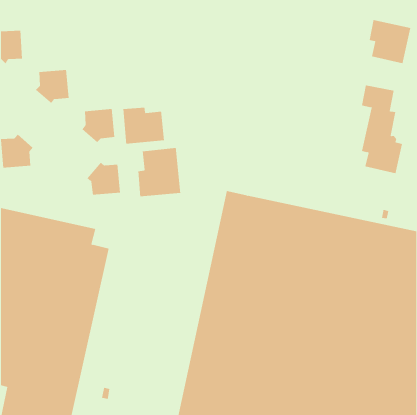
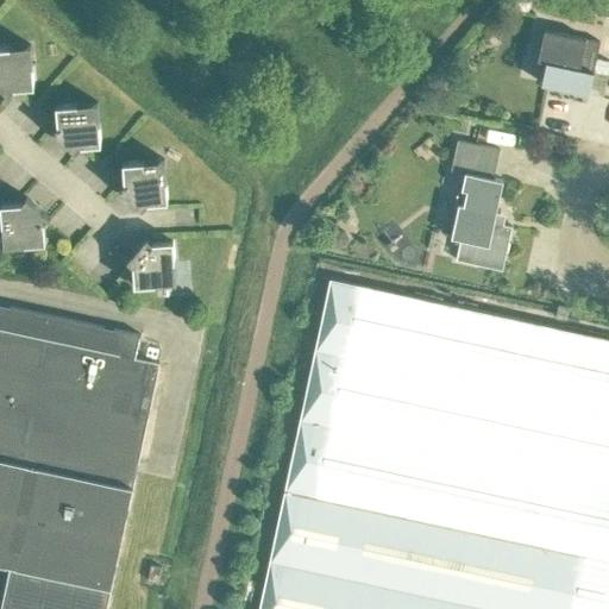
building: [361,85,403,174] -> [451,143,511,272]
building: [123,107,165,145] -> none
building: [138,147,181,197] -> none

